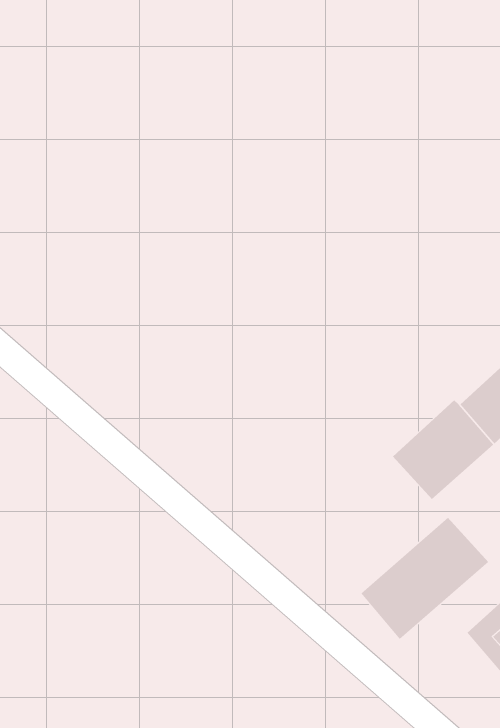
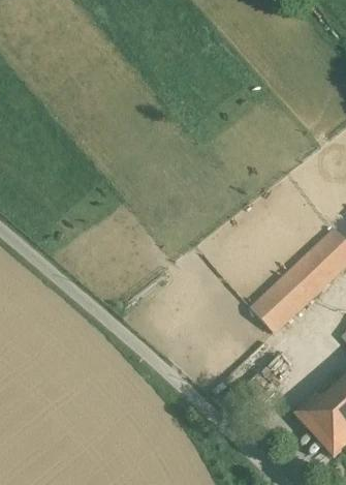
building: [360,517,489,640] -> none

